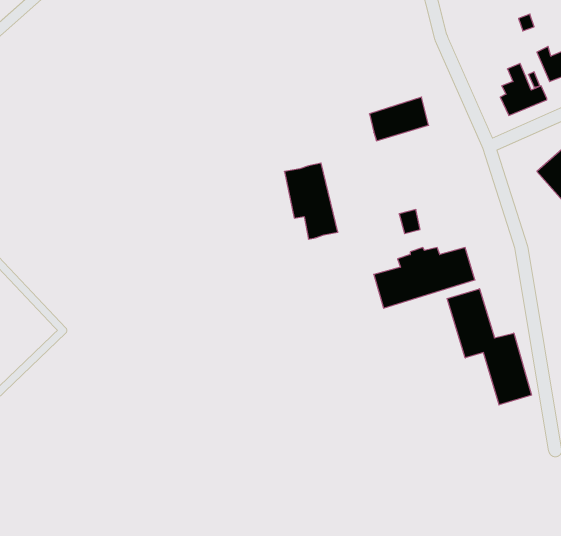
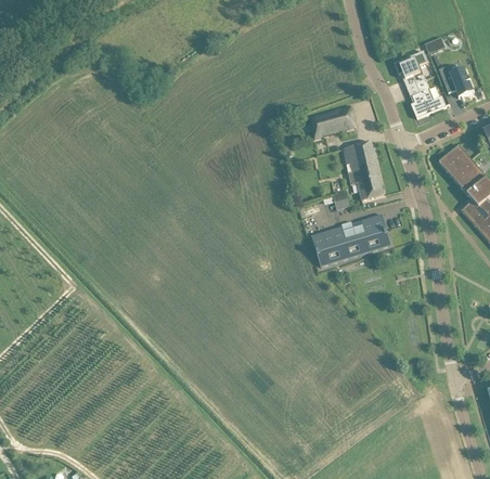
building: none -> [395,51,428,82]
building: [284,163,338,239] -> [343,141,384,199]
building: [447,289,532,405] -> none

